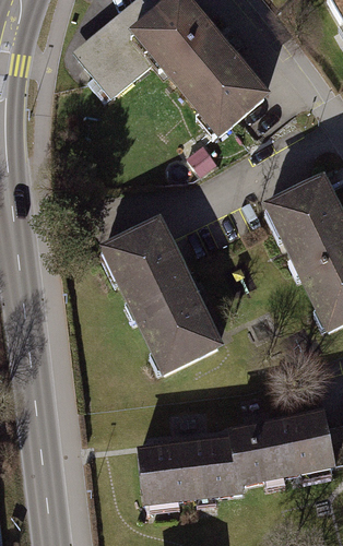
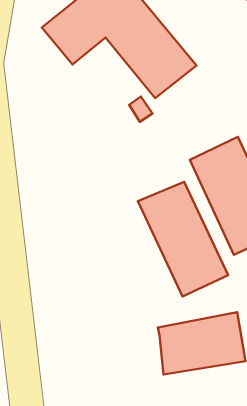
building: [104,227,221,376] -> [138,182,228,296]
building: [137,440,232,508] -> none

